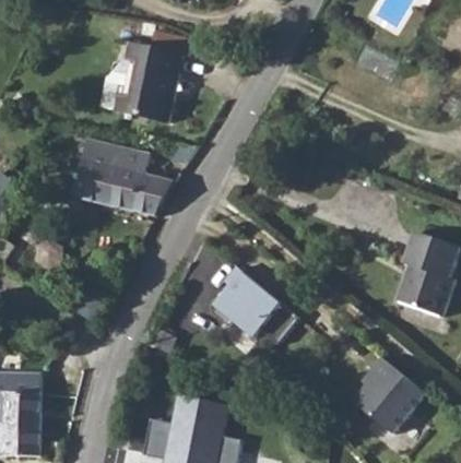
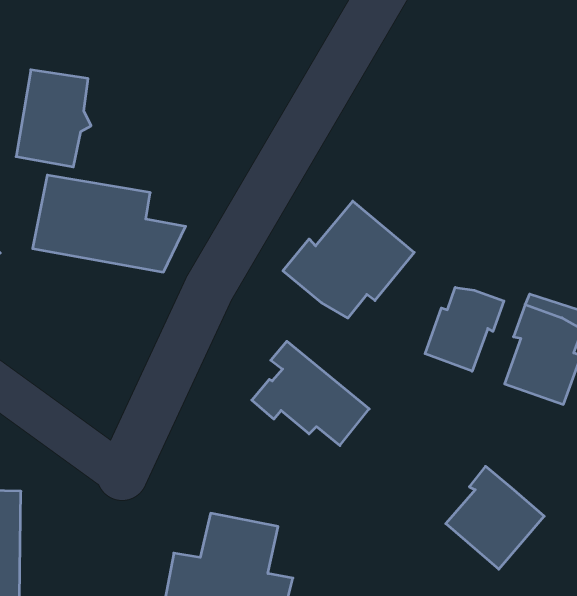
building: [114,46,169,118] -> [16,70,91,167]
building: none -> [283,201,414,318]
building: none -> [425,287,504,371]

